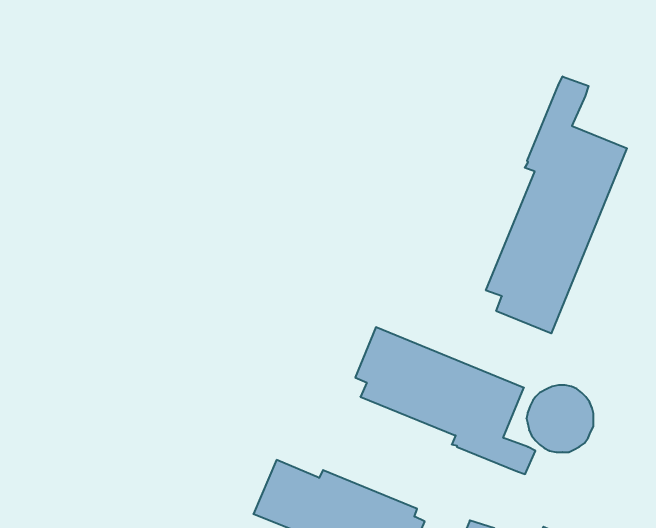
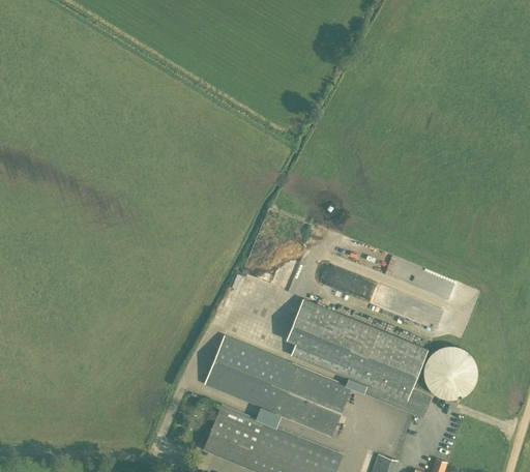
building: [486,76,627,333] -> none
building: none -> [205,335,353,437]

